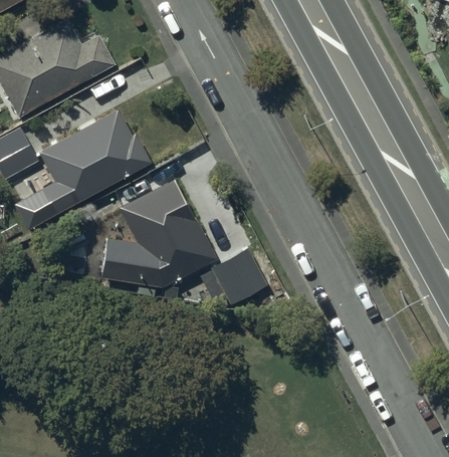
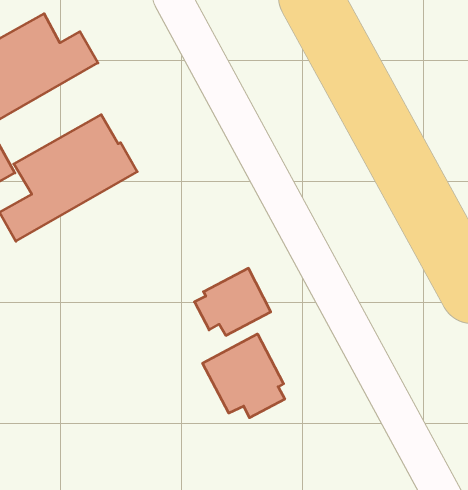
building: [101,178,217,286] -> none
building: none -> [203,334,285,418]

